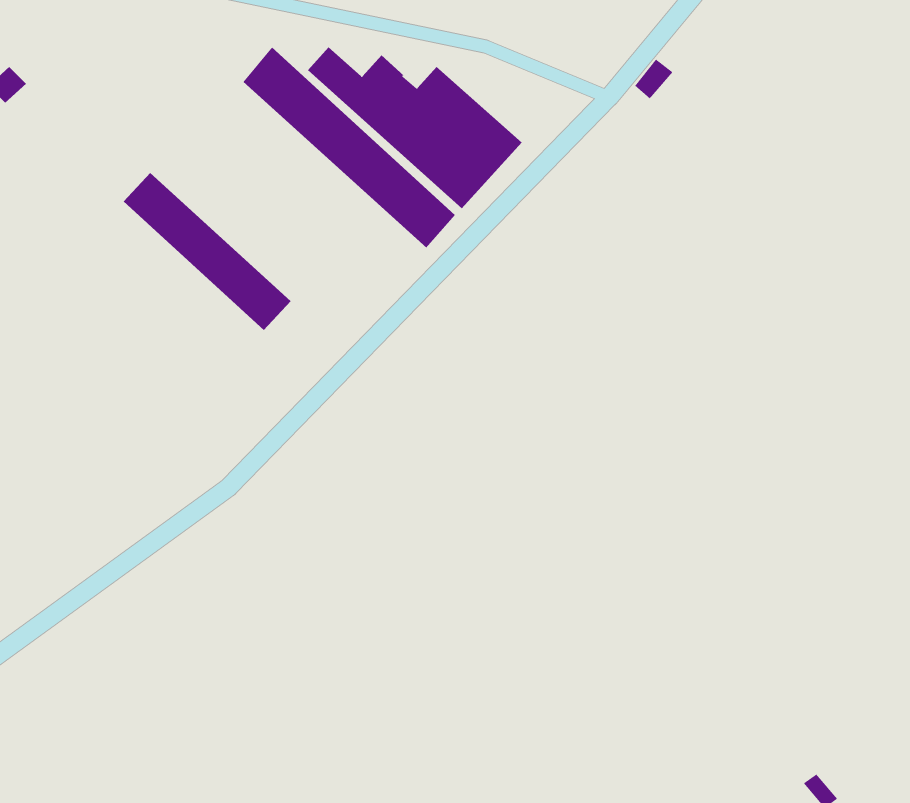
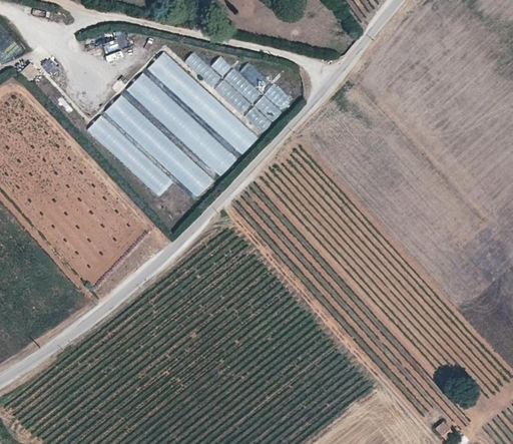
building: none -> [127,72,235,174]
building: none -> [104,93,213,196]

